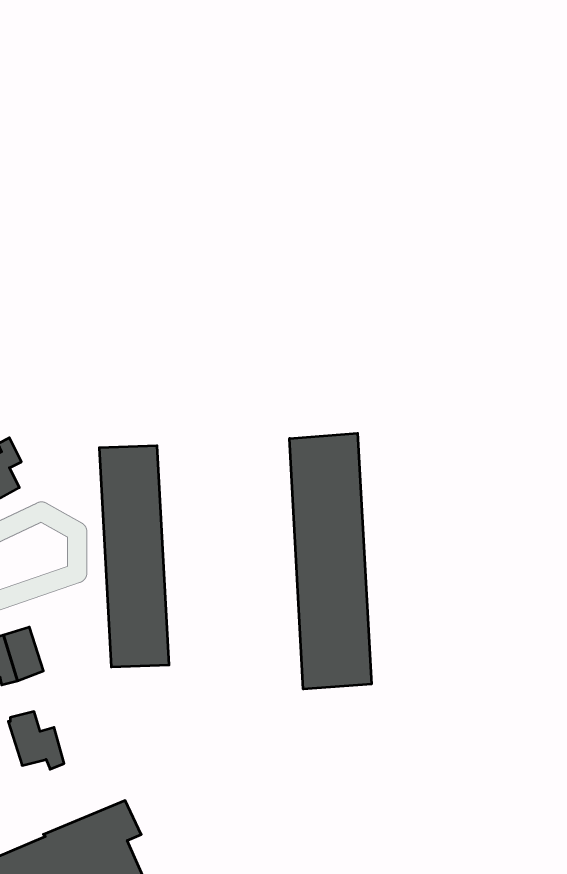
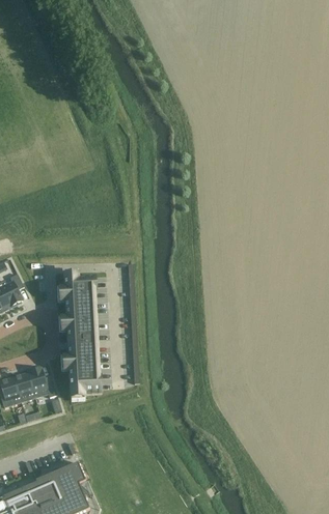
building: [290,433,371,689] -> none
building: [8,712,64,769] -> [27,369,56,399]

